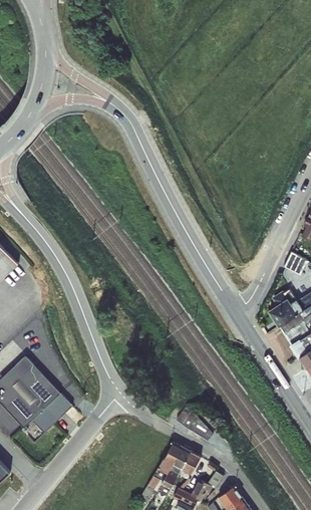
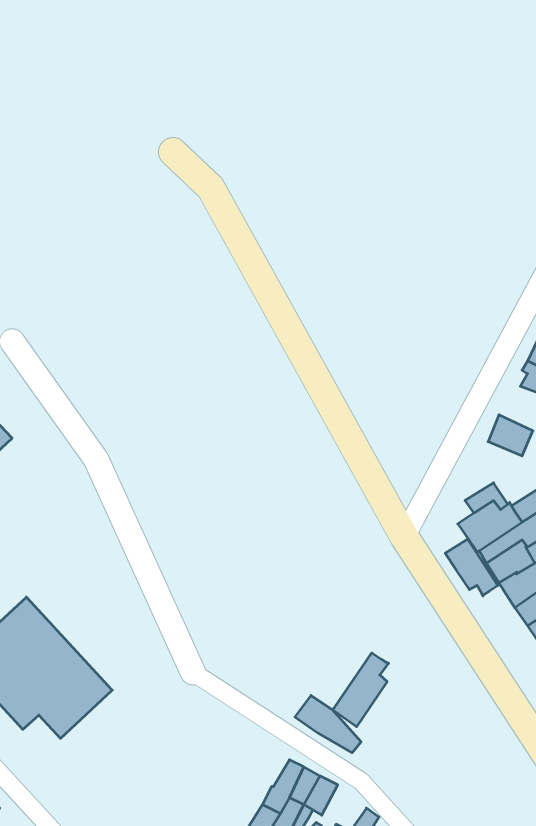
building: none -> [445,539,498,596]
building: none -> [332,653,389,727]

